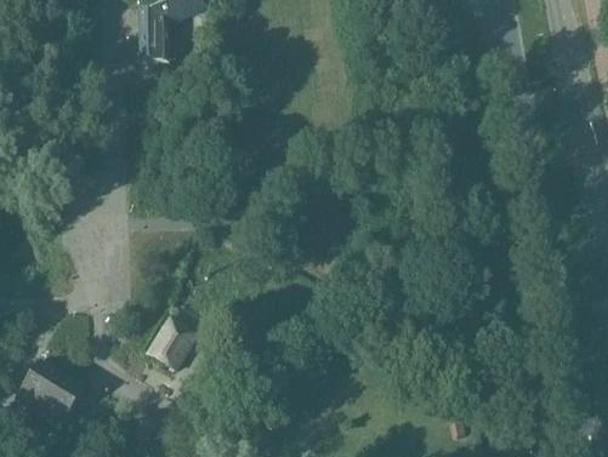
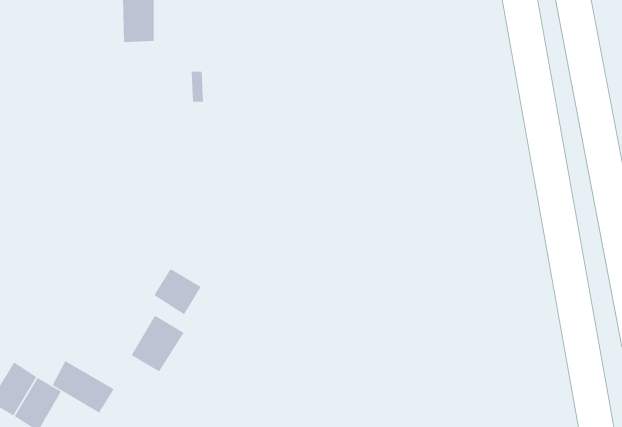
building: none -> [153,268,202,315]
building: none -> [52,360,114,413]

